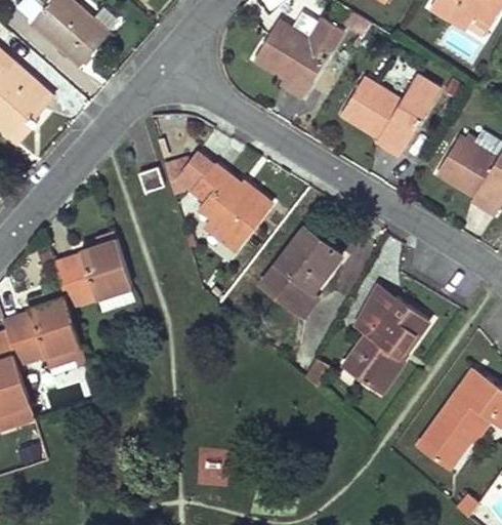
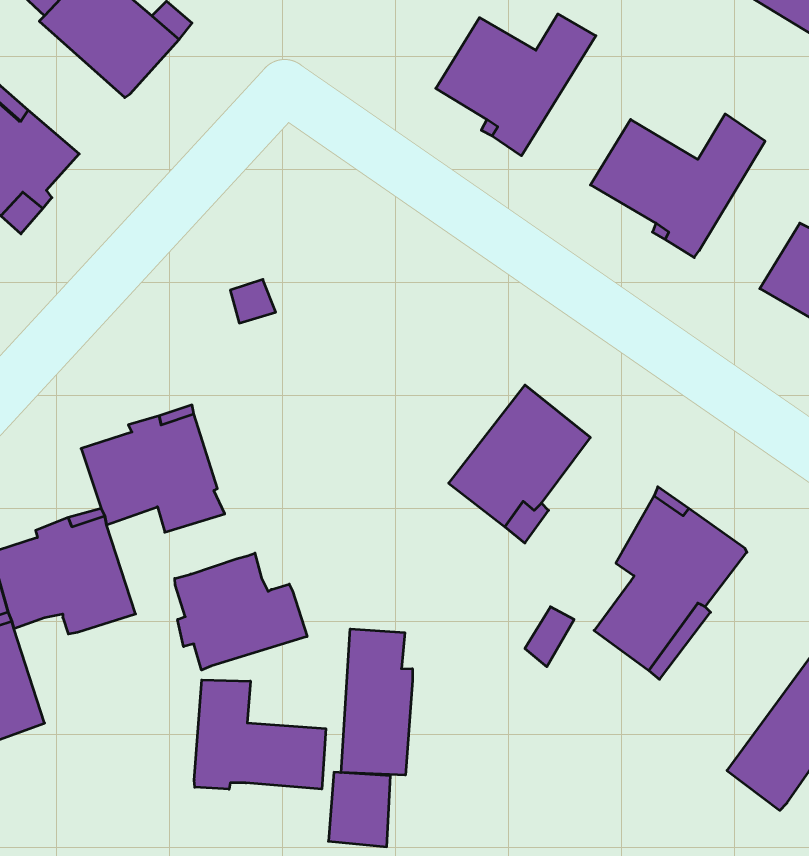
building: [165,155,269,249] -> none
building: none -> [175,553,307,670]
building: none -> [341,629,413,775]
building: none -> [194,680,326,789]

